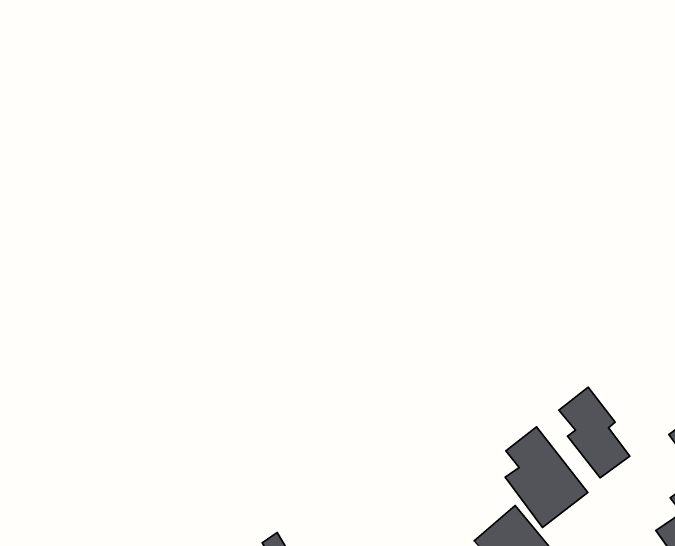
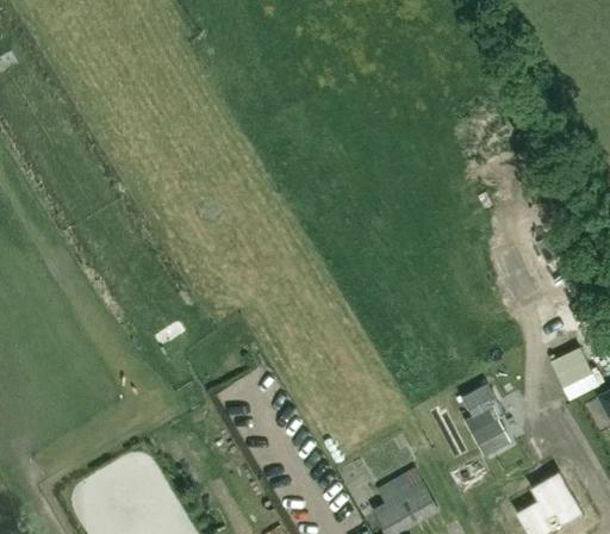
building: [505,427,588,527] -> none

